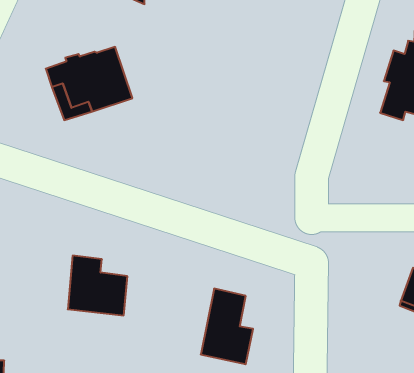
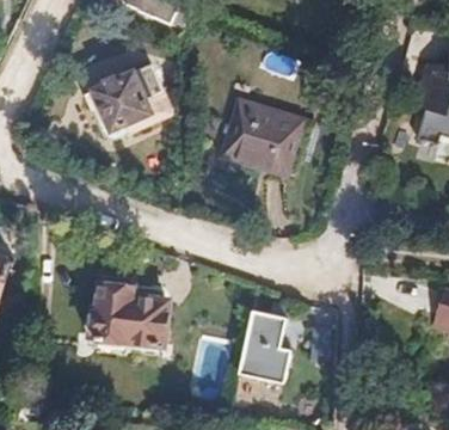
building: none -> [222,97,303,171]

